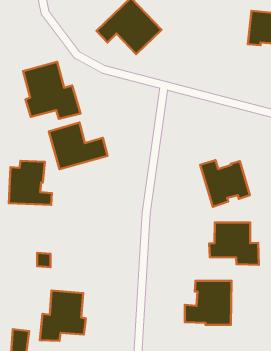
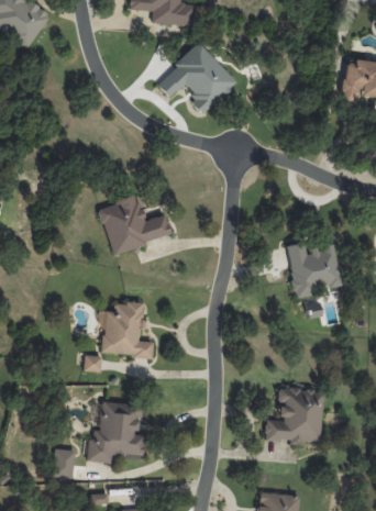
building: [23,62,81,119] -> none
building: [9,161,52,205] -> [100,302,153,356]
building: [209,222,259,265] -> none

